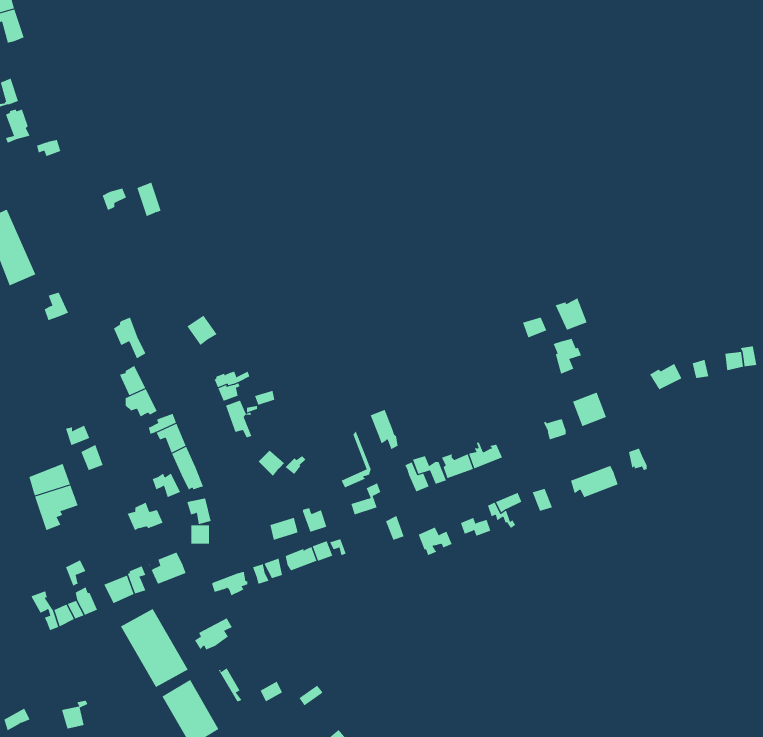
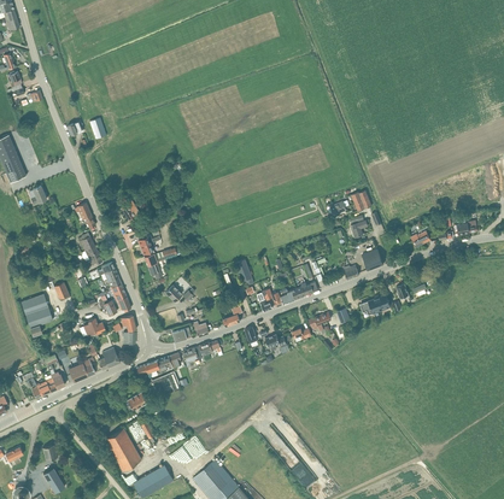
building: [120,608,188,688] -> none

